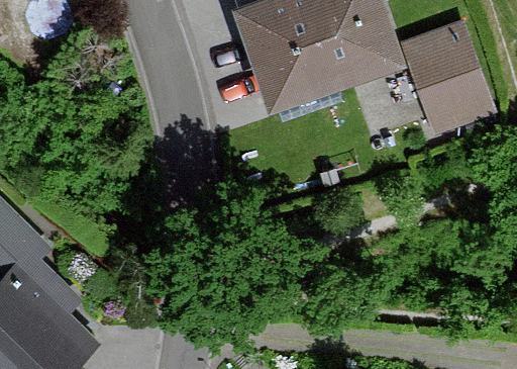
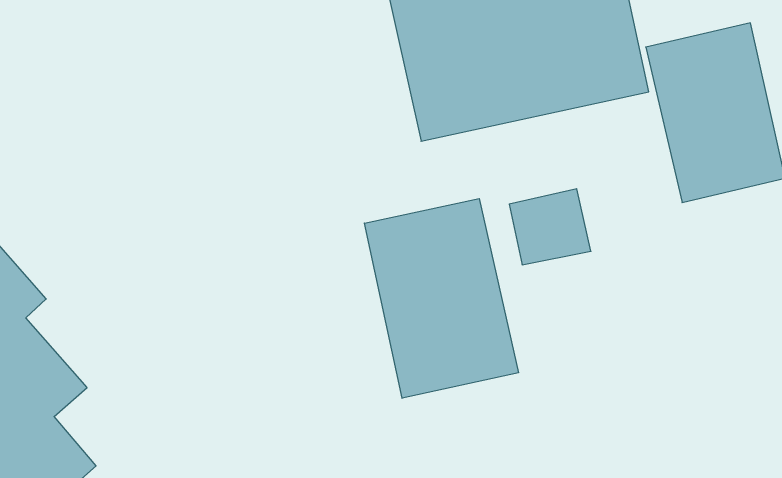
building: none -> [364,199,518,398]

